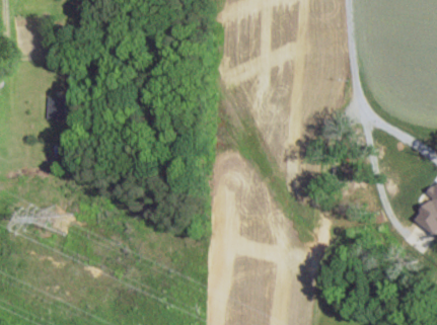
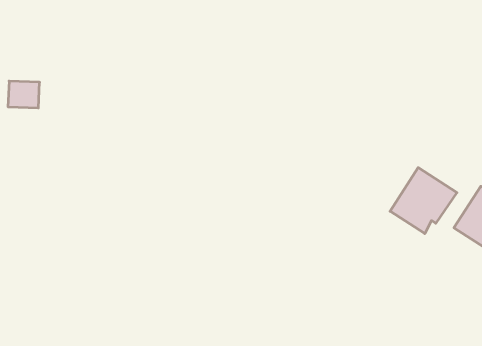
building: none -> [390,168,457,234]

